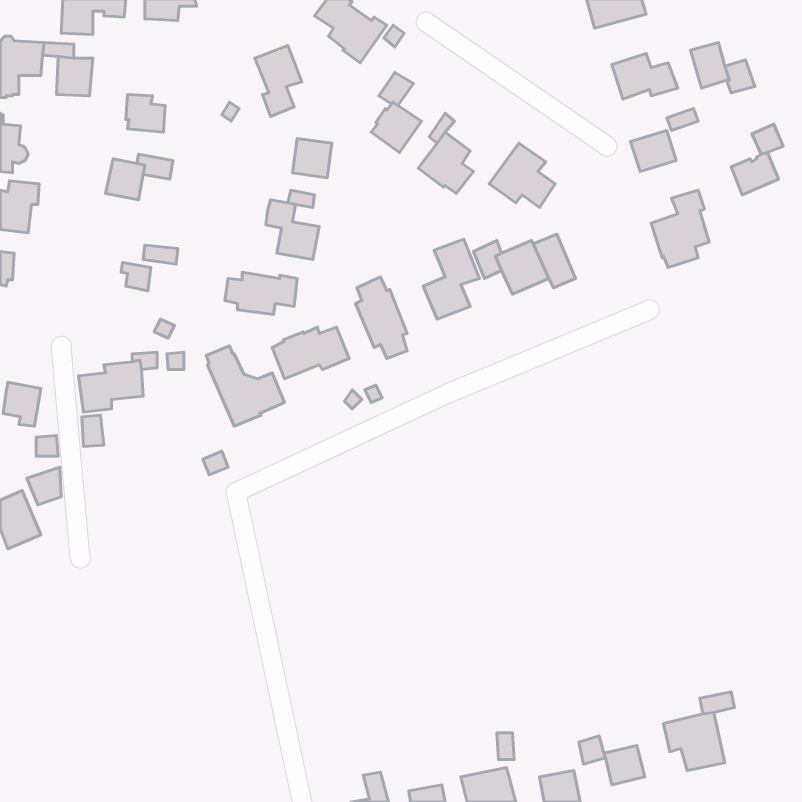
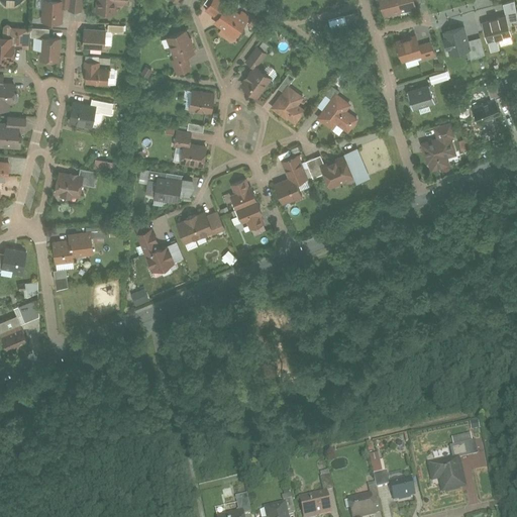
building: none -> [483,13,512,39]
building: none -> [81,27,105,49]
building: none -> [55,172,83,199]

